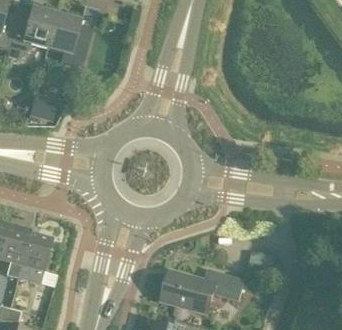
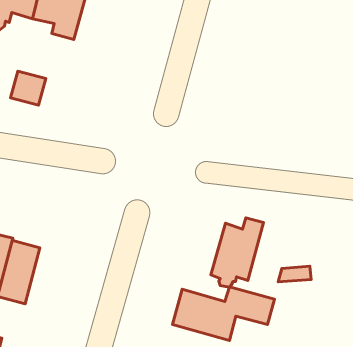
building: none -> [211,218,264,287]

